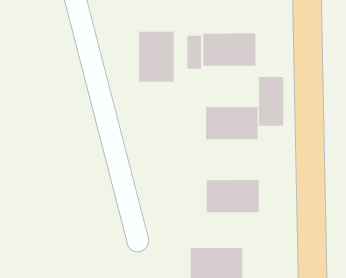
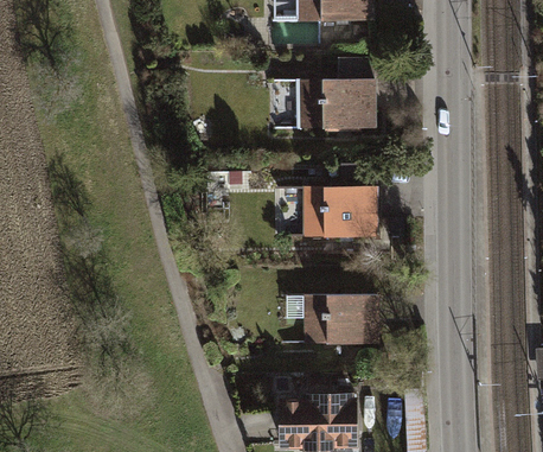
building: [138,31,174,83] -> none
building: [259,76,284,127] -> none

